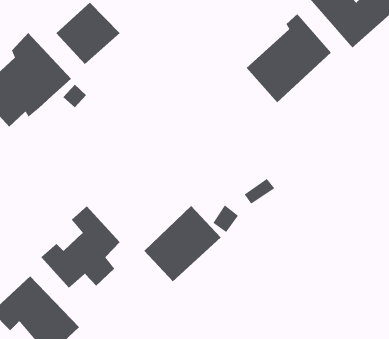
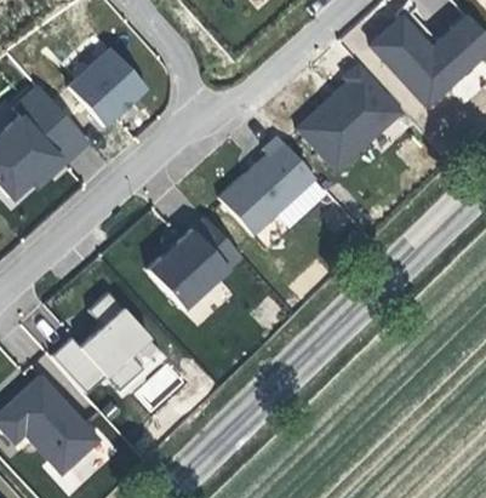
building: none -> [219,136,322,240]
building: [144,205,222,282] -> [148,217,241,309]

